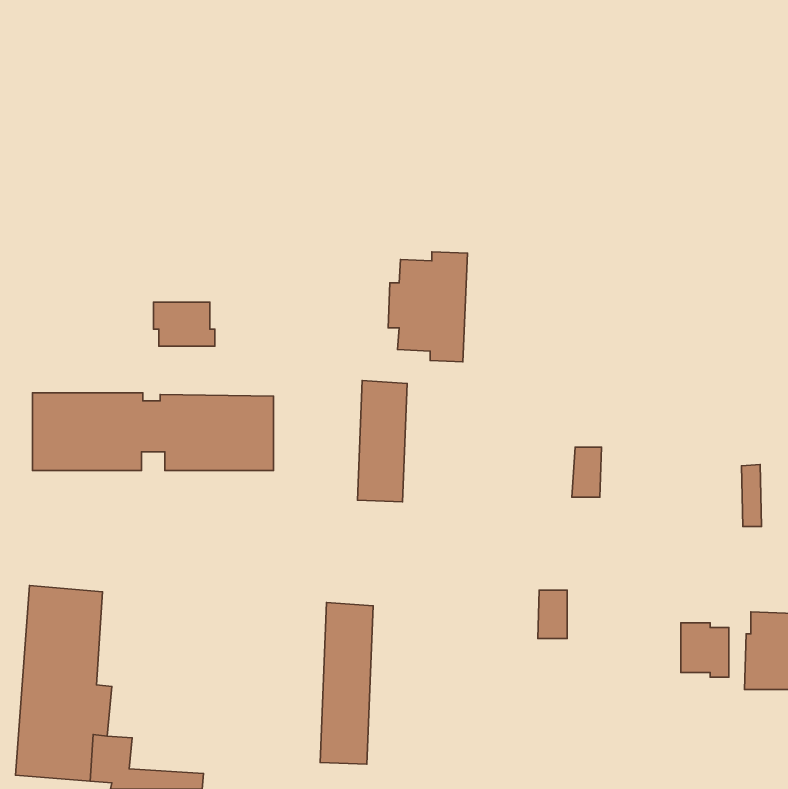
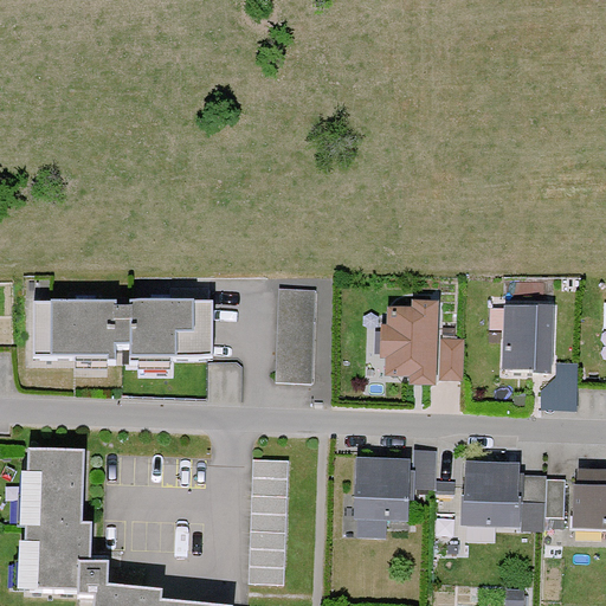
building: [388,252,467,362] -> [379,301,439,385]
building: [154,302,215,346] -> none
building: none -> [503,303,554,374]
building: none -> [354,456,410,535]
building: none -> [463,460,520,526]

